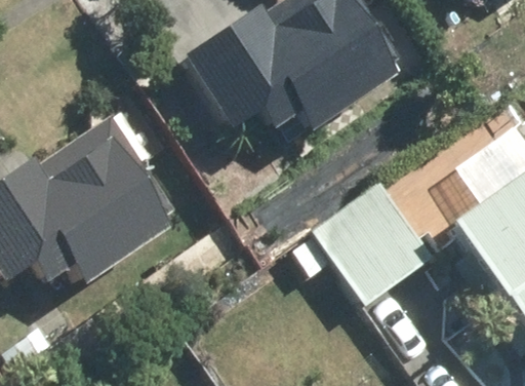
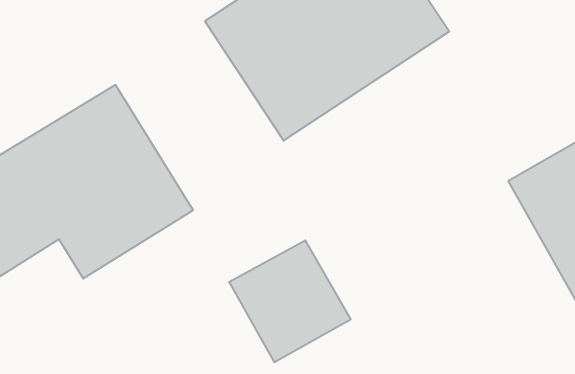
building: [316,196,423,304] -> [229,240,351,362]

